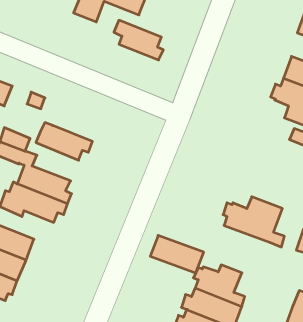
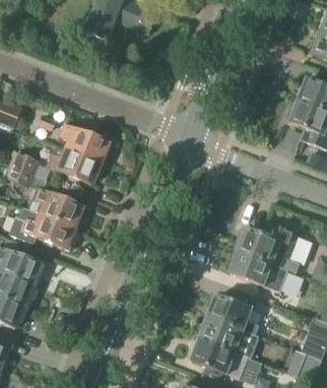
building: [114,20,163,60] -> [59,124,110,165]
building: [150,235,204,273] -> [232,251,286,289]

